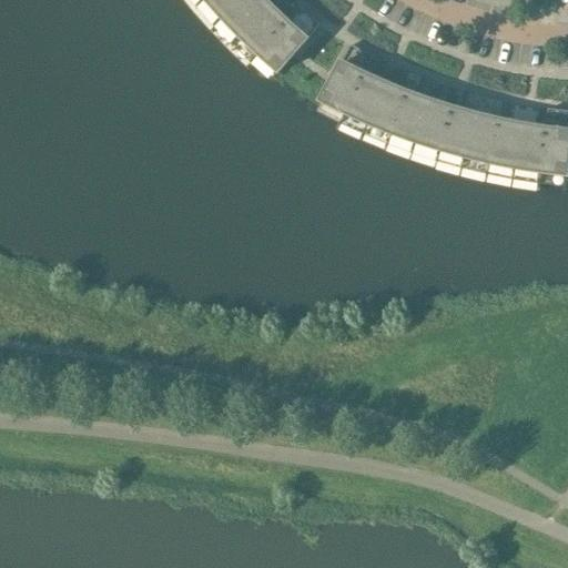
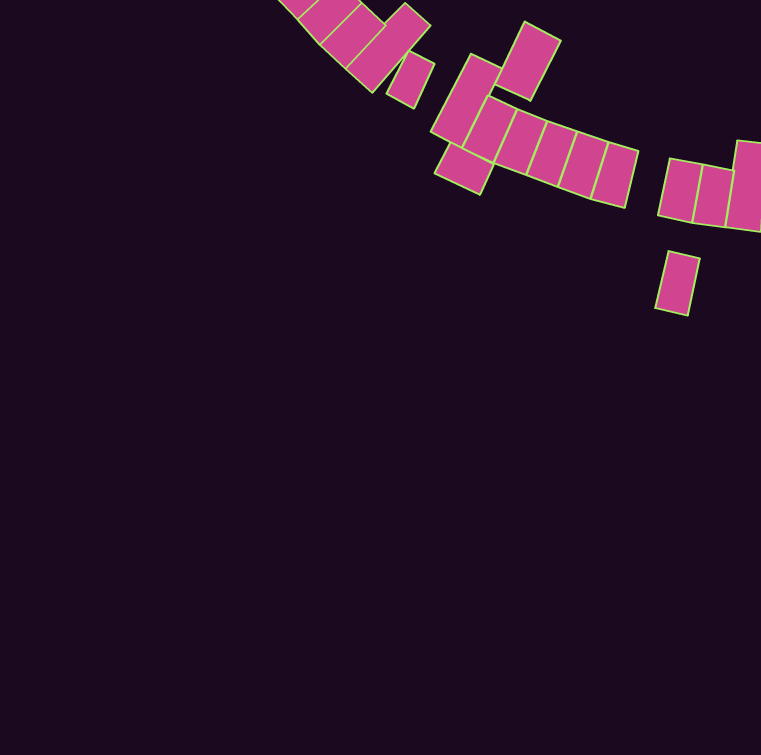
building: none -> [495,21,561,101]
building: none -> [386,51,434,109]
building: none -> [435,142,494,195]
building: [466,112,499,160] -> [655,251,700,315]

